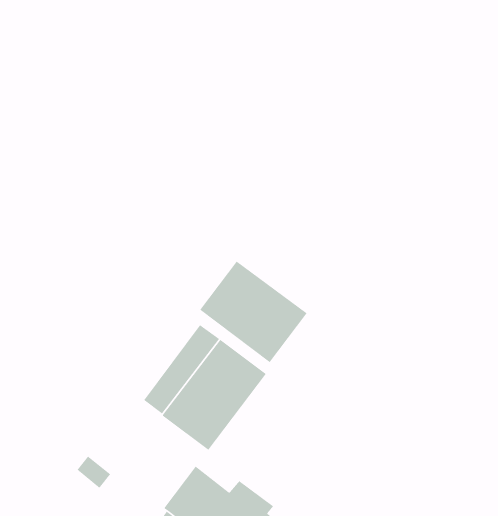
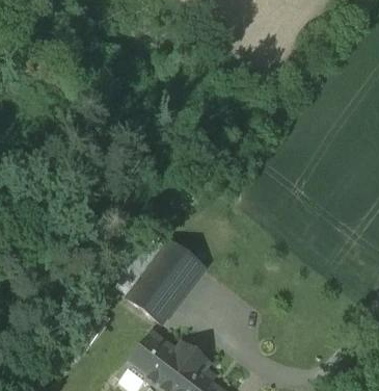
building: [199,260,307,363] -> none

